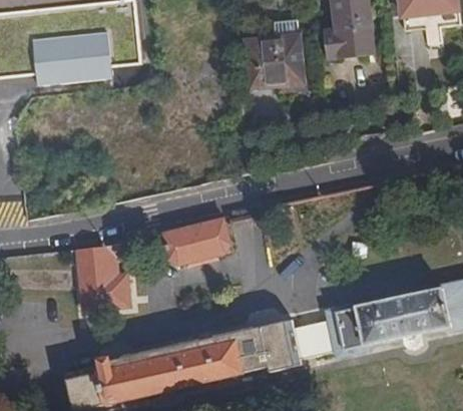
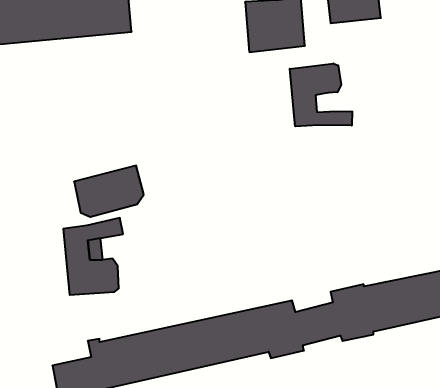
building: none -> [290,63,352,126]
building: [163,218,228,266] -> [74,166,144,217]

